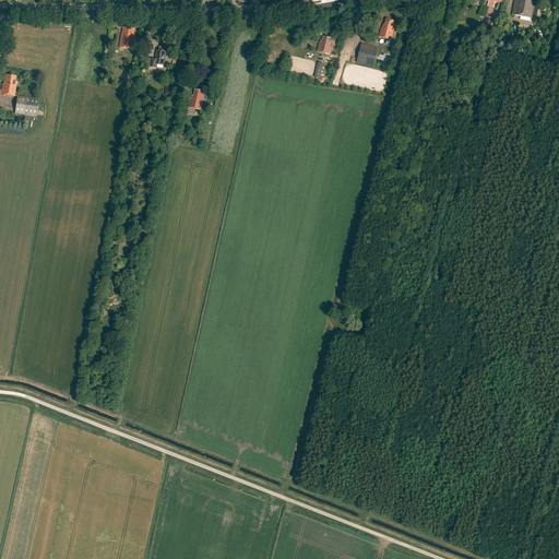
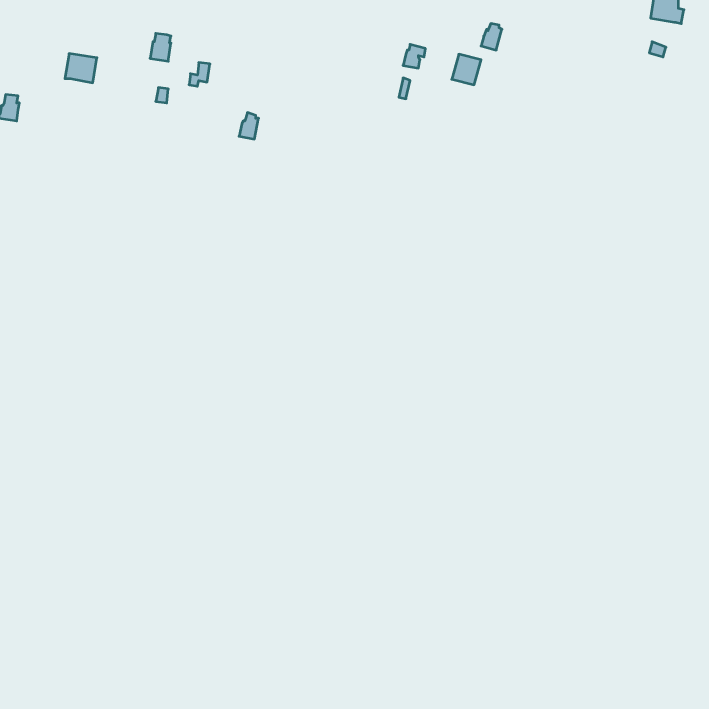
building: [13,94,38,117] -> [65,54,97,83]

